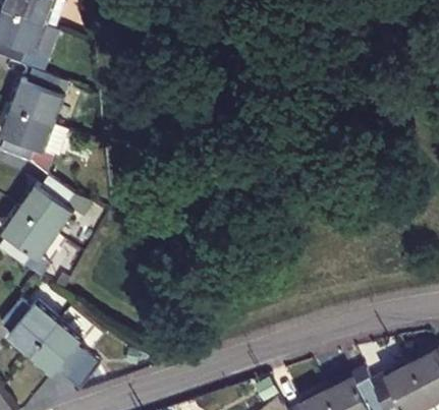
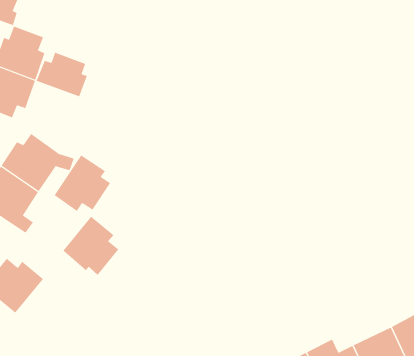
building: none -> [36,52,88,97]
building: none -> [54,154,111,212]
building: [34,320,91,380] -> [62,216,119,276]

